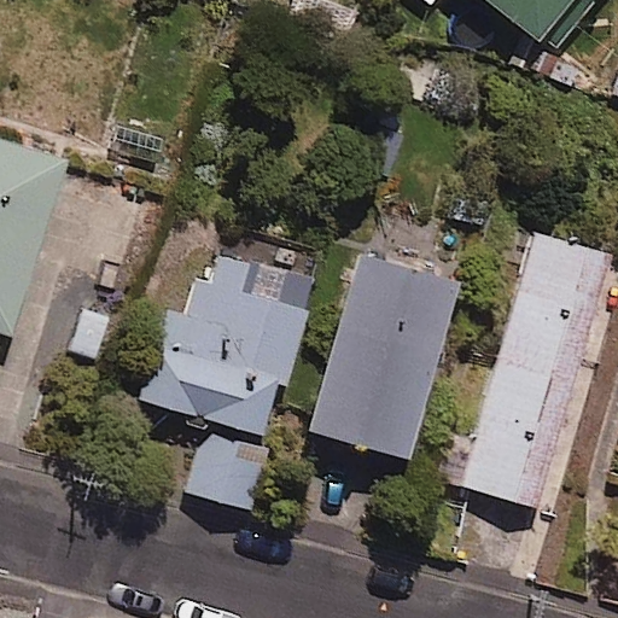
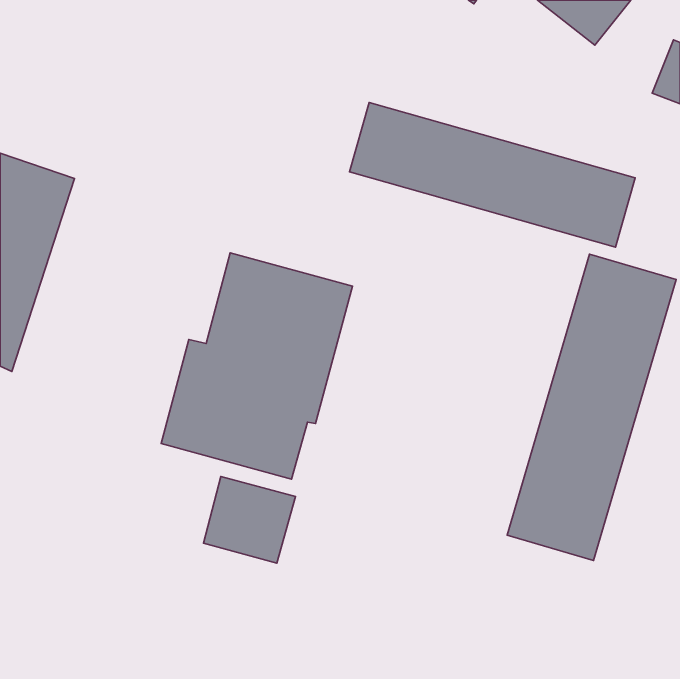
building: none -> [349,103,635,247]
building: [310,257,459,460] -> none

